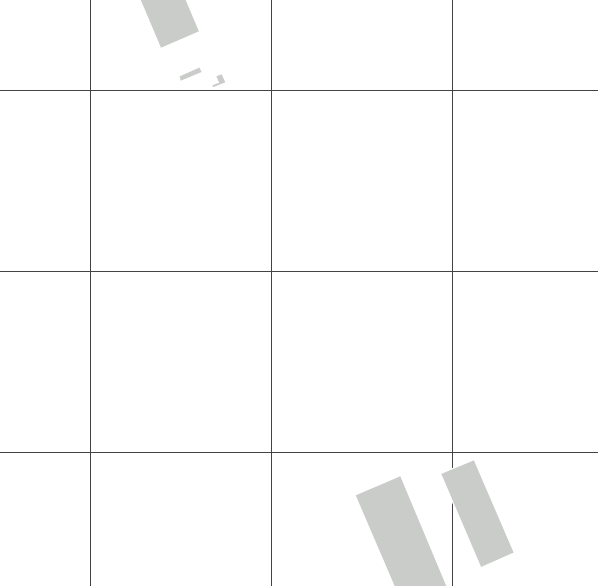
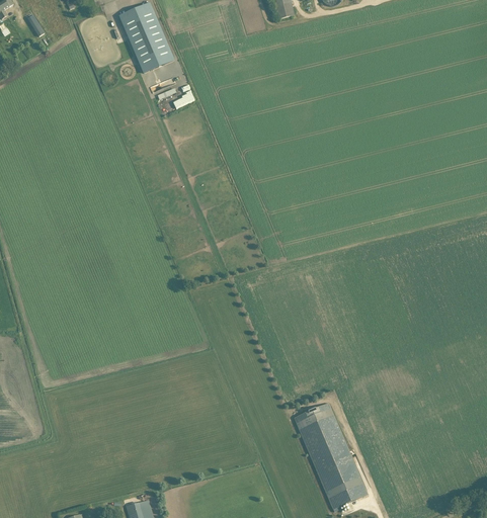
building: [440,459,515,568] -> none

